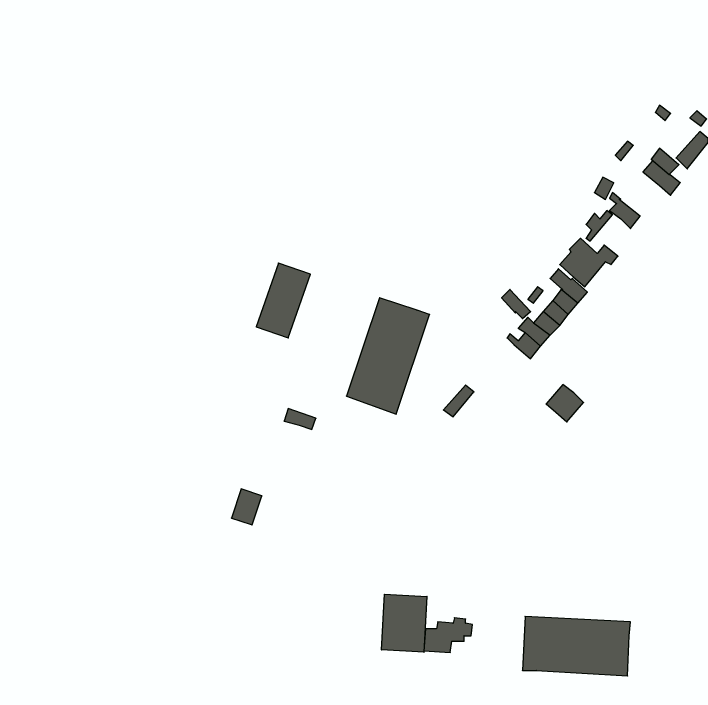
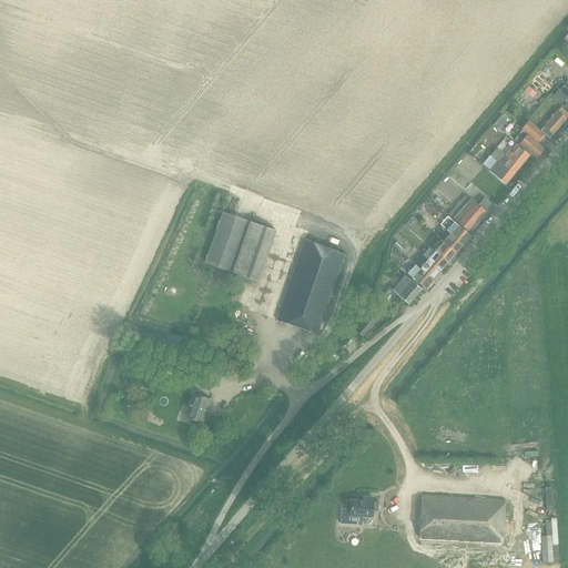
building: none -> [496,145,529,173]
building: none -> [232,220,275,278]
building: [546,385,584,422] -> [392,273,422,303]
building: [382,594,427,652] -> none

